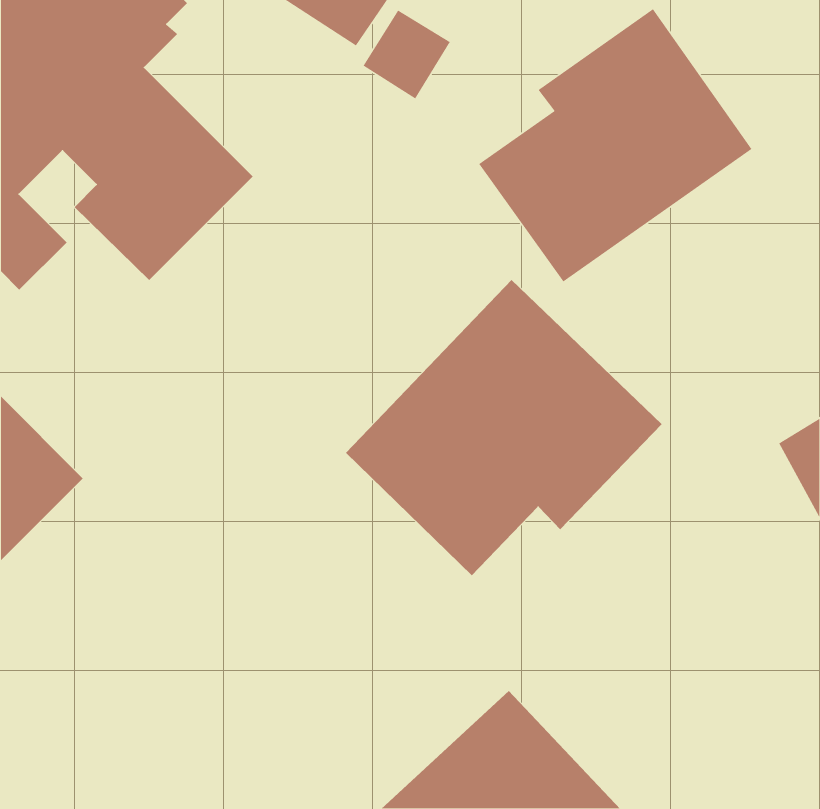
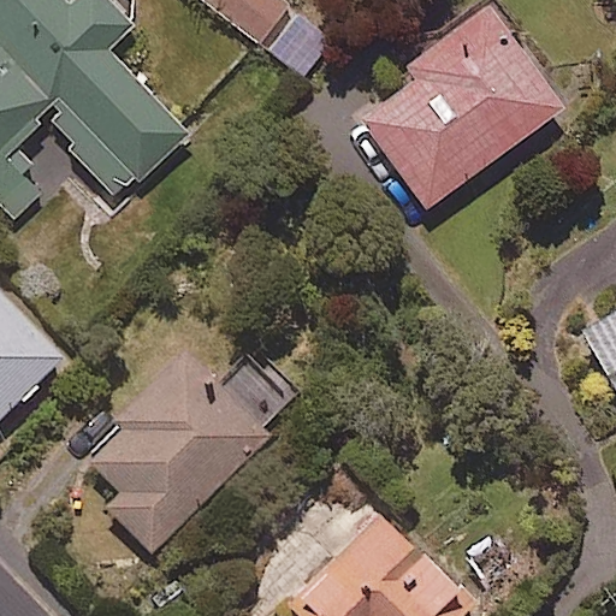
building: [345,279,662,576] -> none
building: none -> [75,344,306,550]

